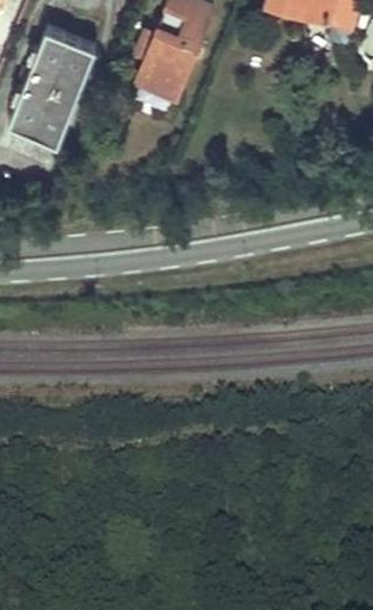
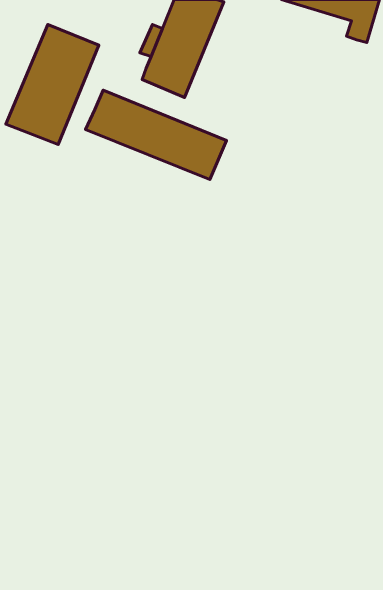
building: none -> [86,90,226,179]

